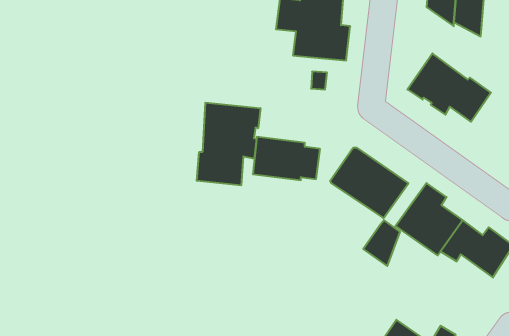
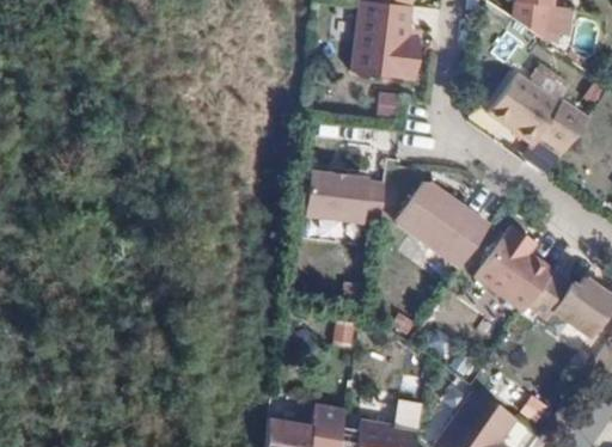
building: [197,103,260,185] -> none
building: [363,220,400,266] -> none

